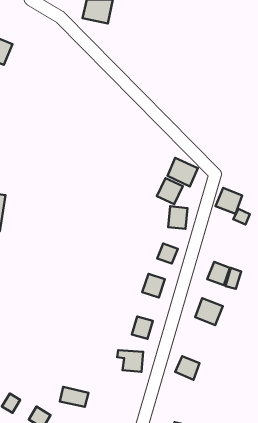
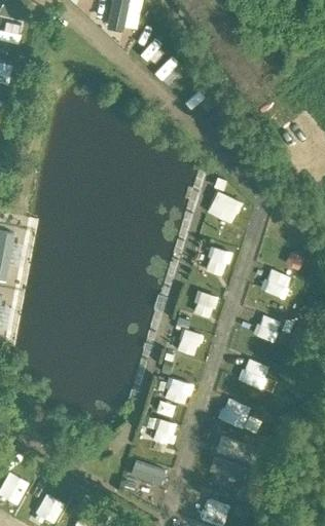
building: [157,178,183,204] -> none
building: [215,188,242,214] -> [261,268,293,299]
building: none -> [224,402,263,435]
building: none -> [209,458,247,485]
building: [60,387,88,407] -> [130,460,164,484]

